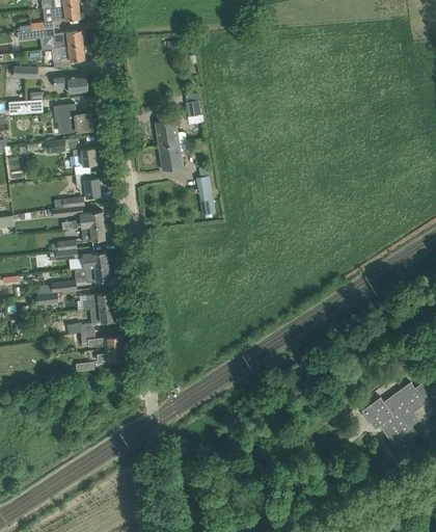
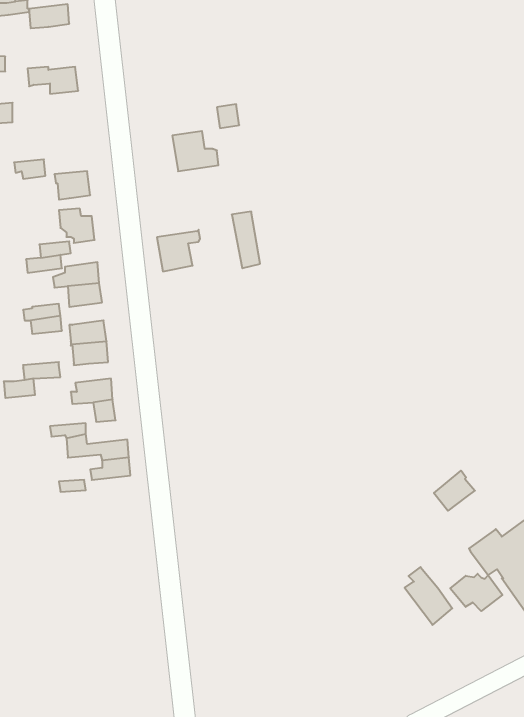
building: [53,45,84,68] -> none
building: [53,104,92,131] -> none
building: [158,142,188,171] -> [157,230,200,271]
building: none -> [434,471,475,511]
building: none -> [405,567,452,625]
building: none -> [450,574,502,611]

